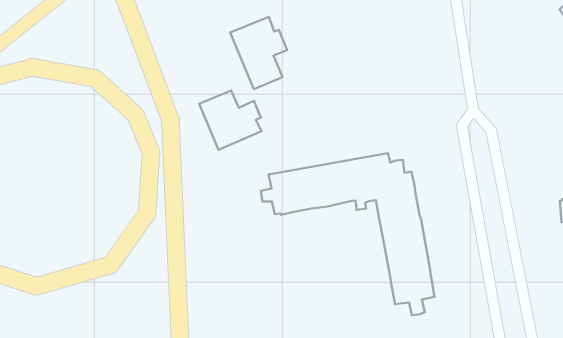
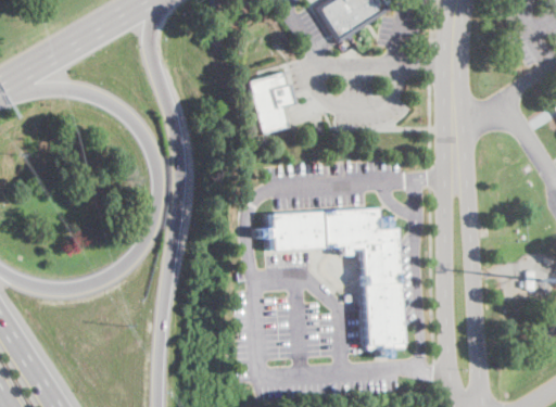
building: [199,90,262,150] -> none

